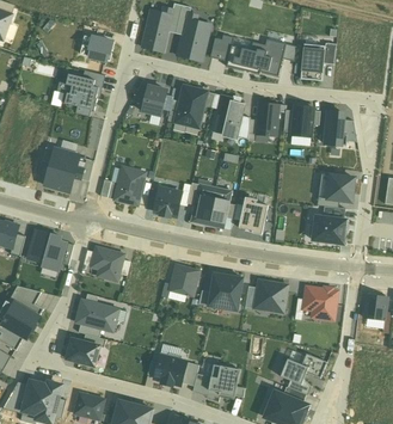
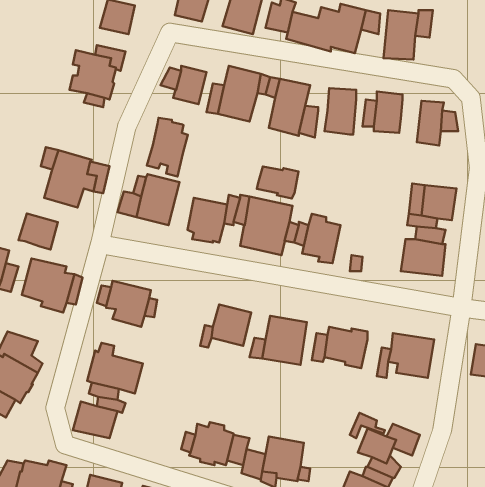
building: none -> [147,118,188,176]
building: none -> [257,166,299,199]
building: none -> [18,214,58,249]

